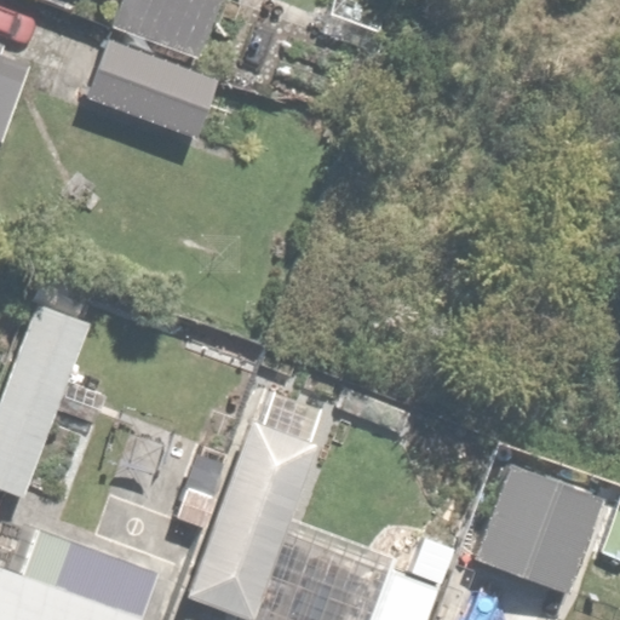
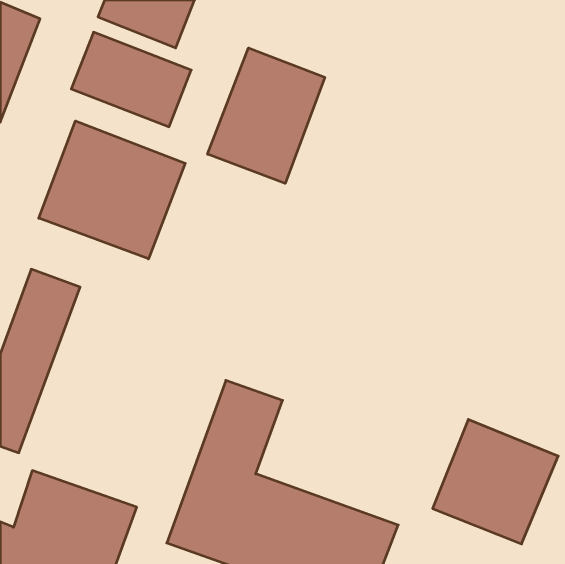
building: none -> [208,48,325,183]
building: none -> [39,121,185,259]

